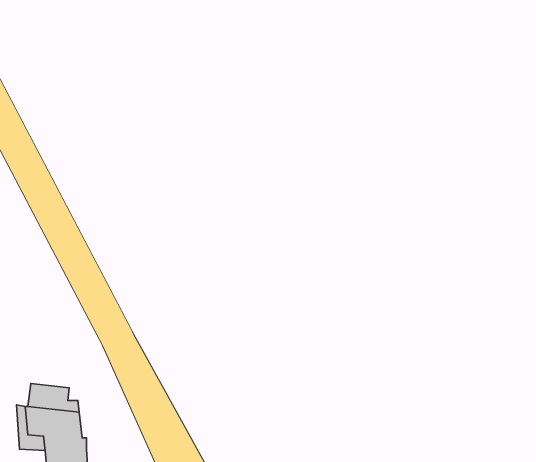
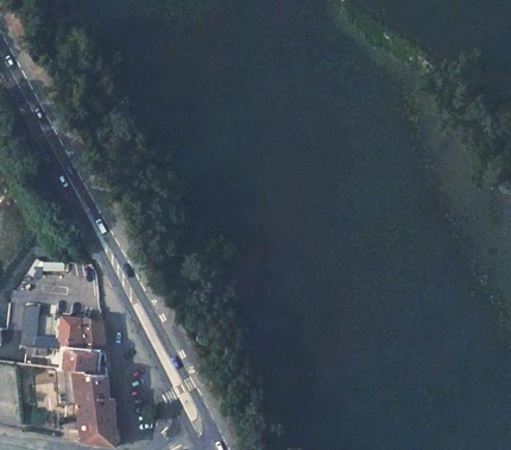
building: none -> [62,318,105,356]

